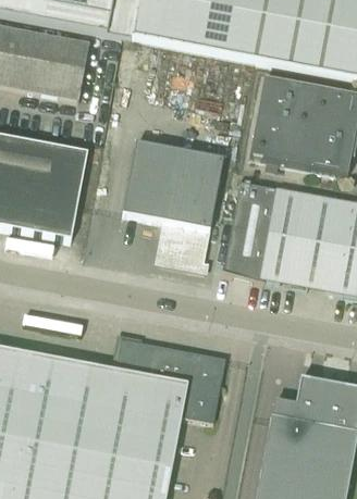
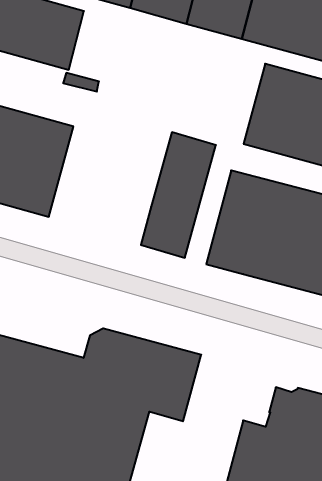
building: [122,140,181,221] -> none

